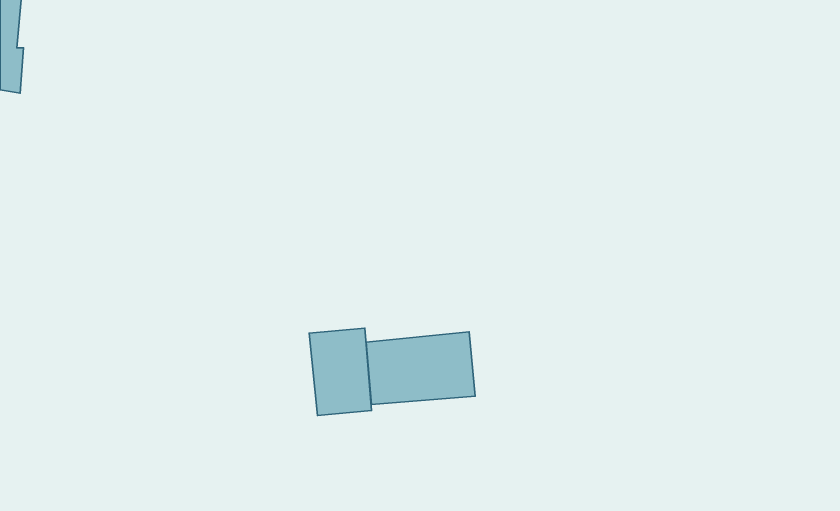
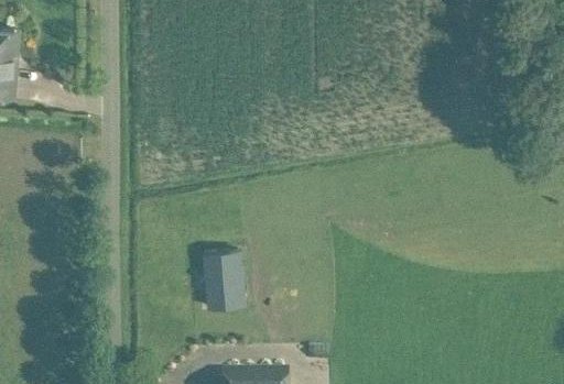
building: [366,332,475,405] -> none

